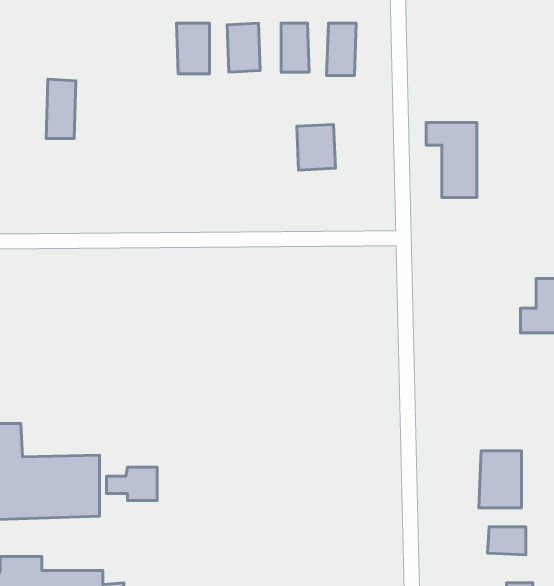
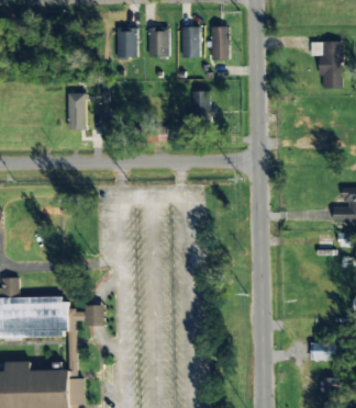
building: [46,79,76,139] -> [67,92,86,129]
building: [426,122,477,198] -> [310,41,342,88]
building: [479,451,522,508] -> none

